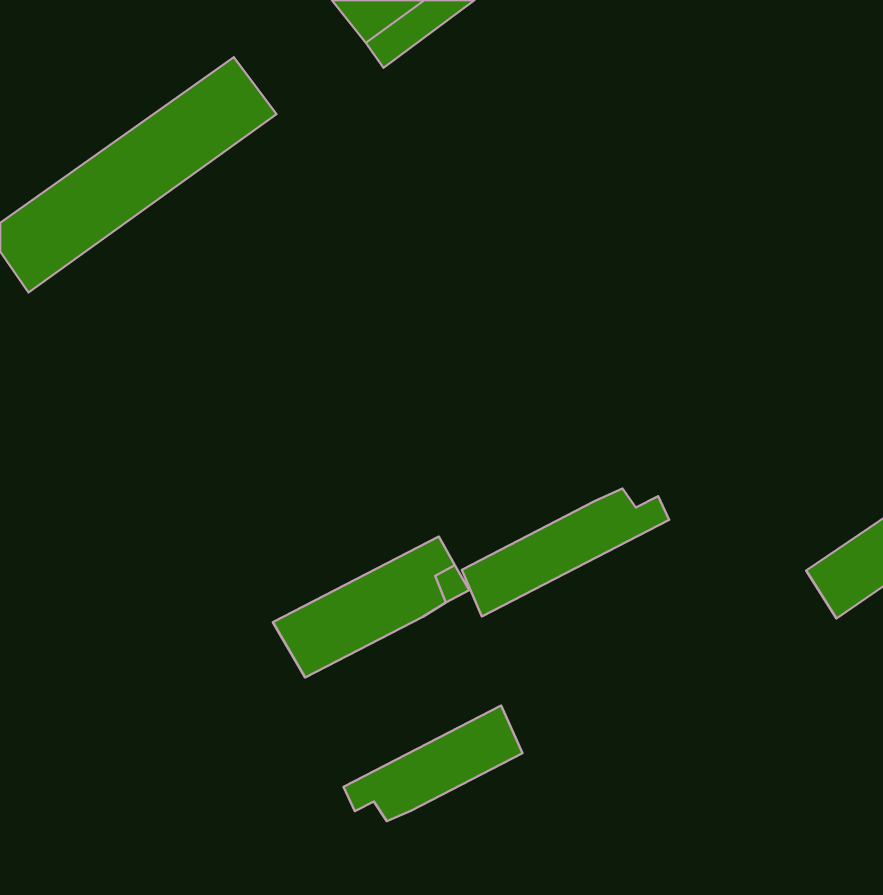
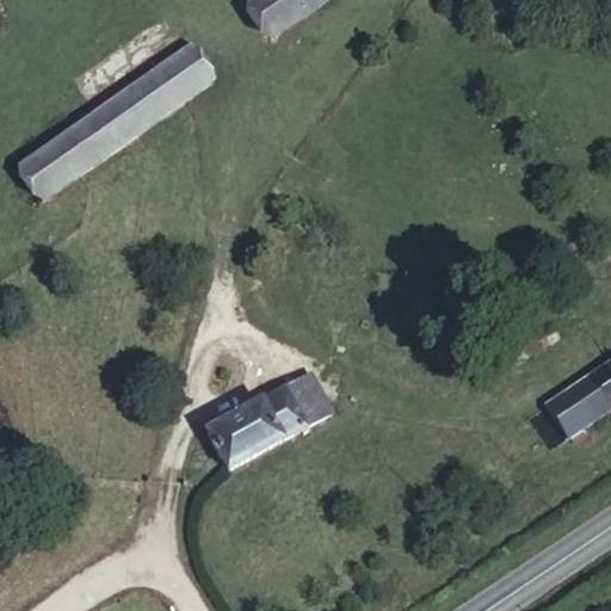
building: [462,489,669,617] -> none
building: [344,705,523,821] -> none

